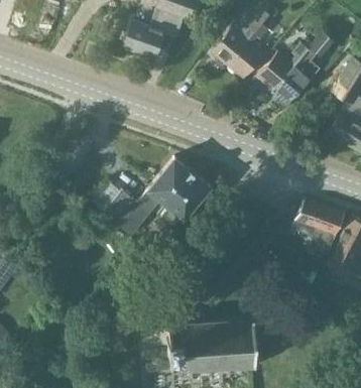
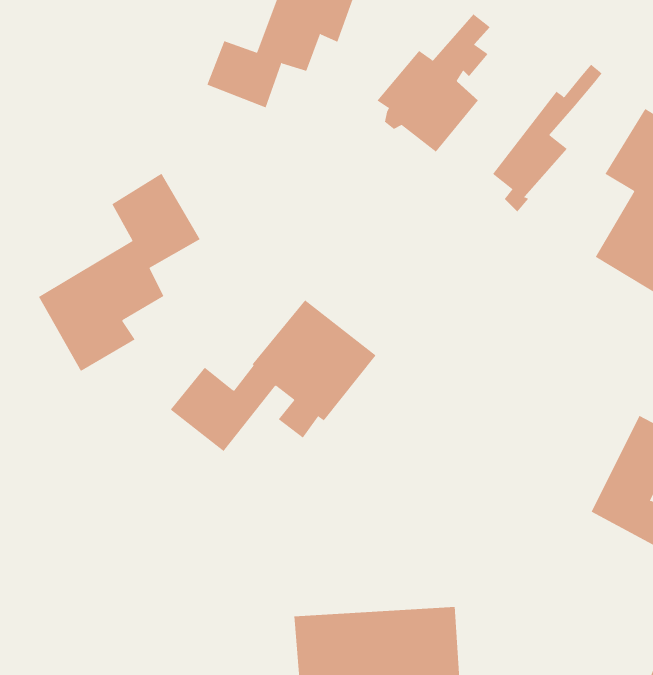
building: [257,43,307,92] -> none
building: none -> [38,173,201,372]
building: [293,200,346,255] -> none

